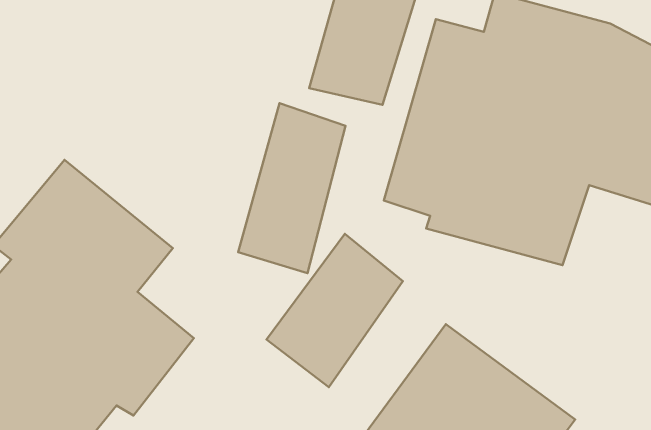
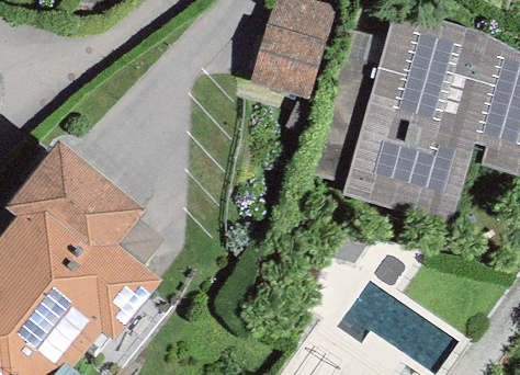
building: [238,103,345,273] -> none
building: [267,234,403,387] -> none

